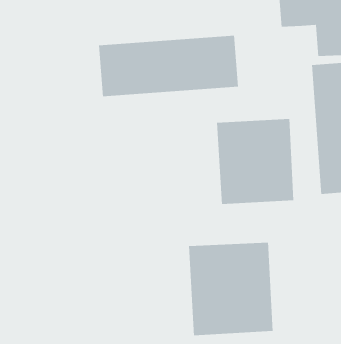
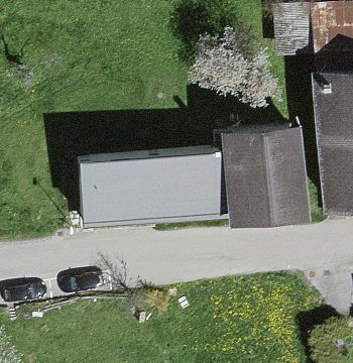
building: [98,35,239,97] -> [78,160,218,222]
building: [189,242,273,336] -> none

